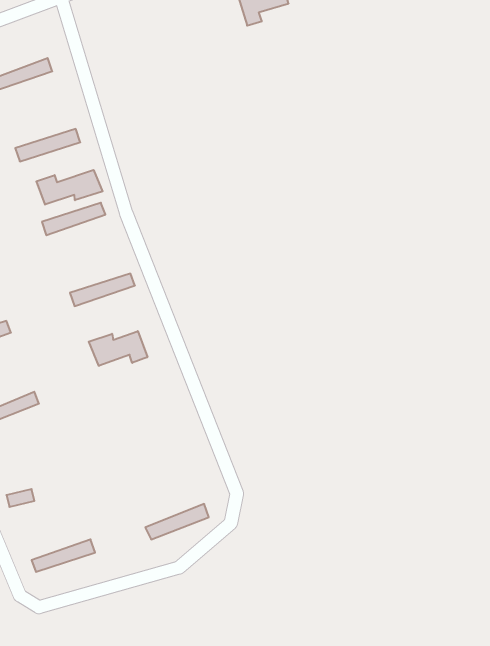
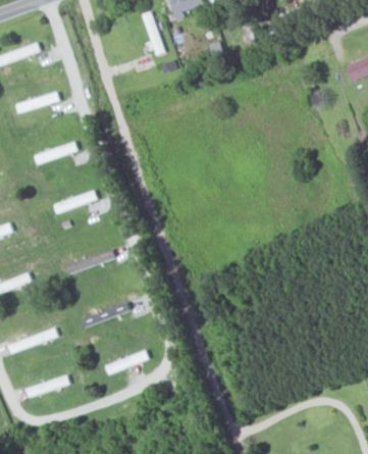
building: none -> [142,11,165,55]
building: [36,170,103,205] -> none
building: [89,331,147,366] -> none

